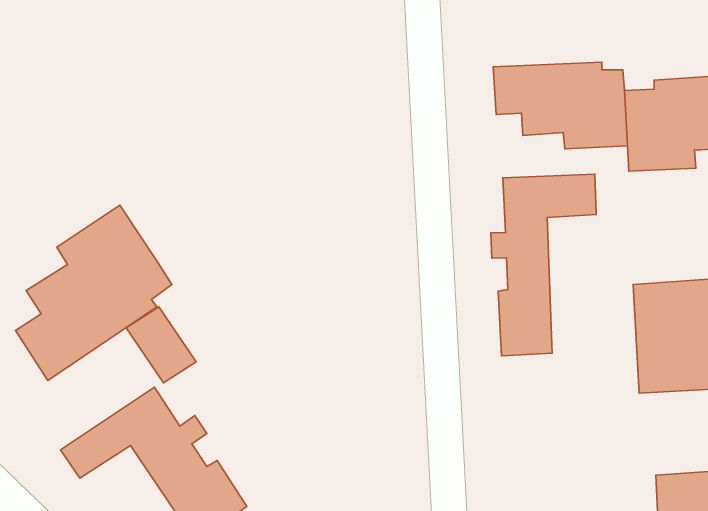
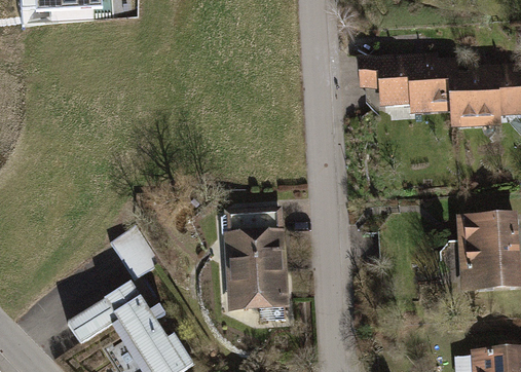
building: [491,174,596,356] -> none
building: [16,205,172,381] -> none
building: none -> [220,206,288,309]

